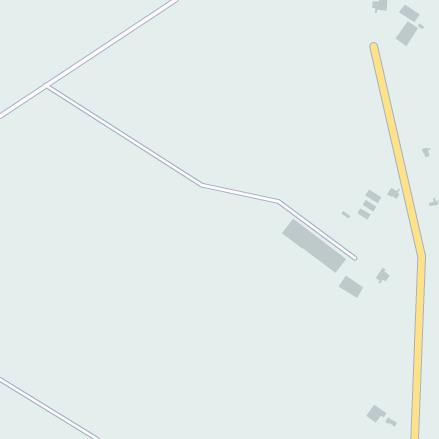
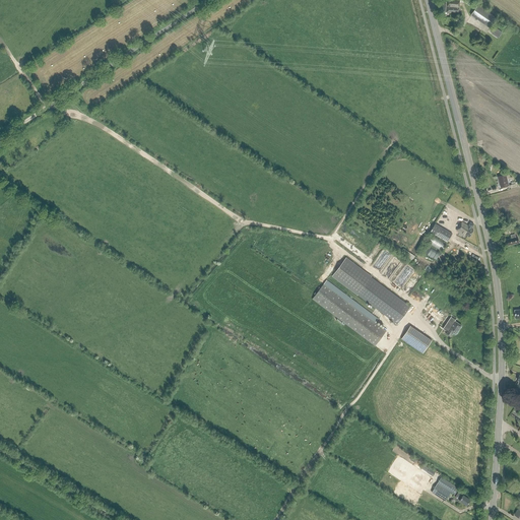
building: [394,20,419,47] -> none
building: none -> [313,283,386,345]

